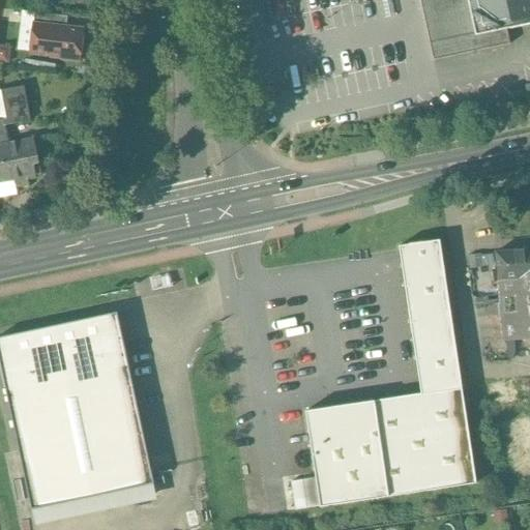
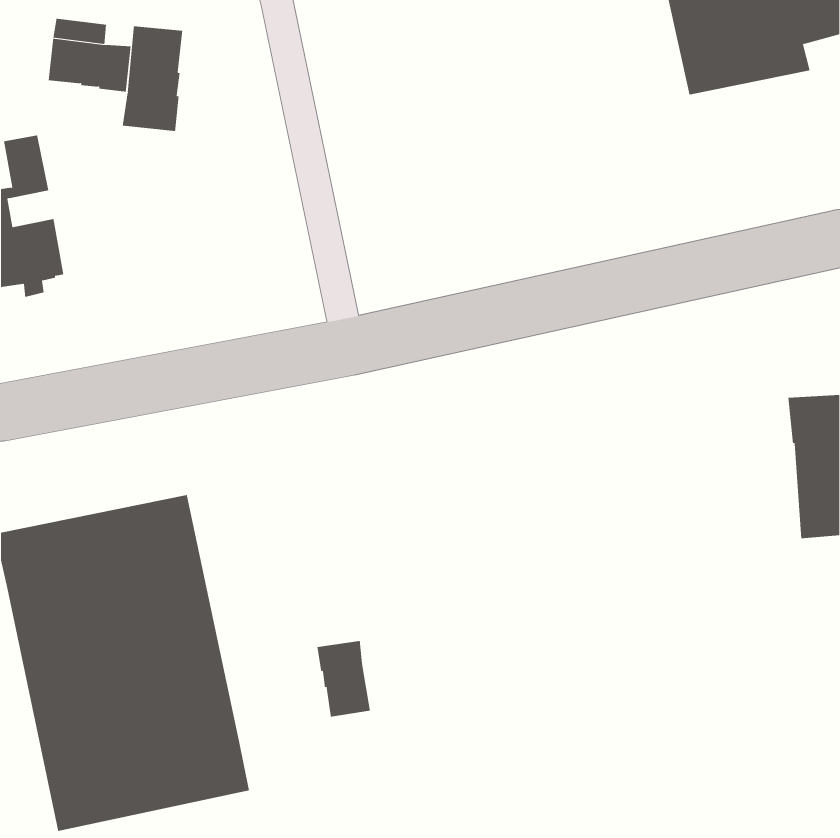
building: none -> [122,25,183,132]
building: [291,239,476,508] -> none
building: none -> [317,640,371,718]

